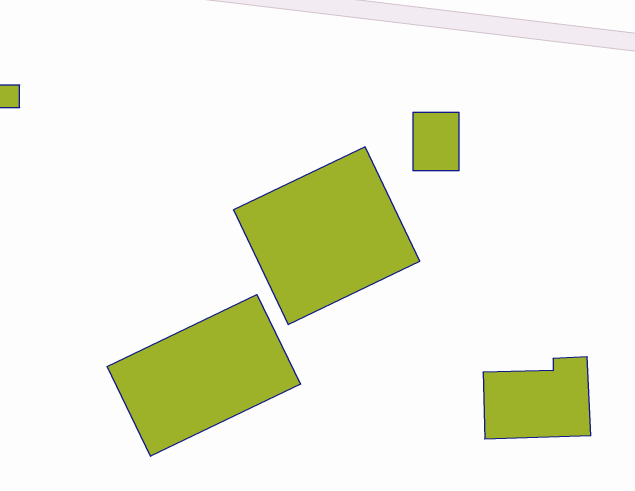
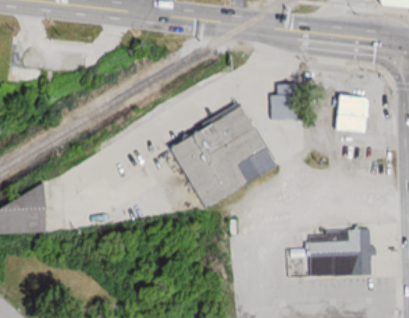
building: none -> [332,94,371,132]
building: [107,295,300,456] -> none

